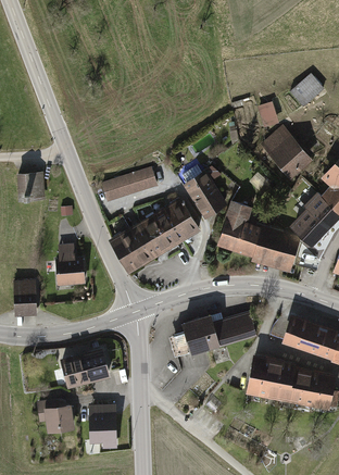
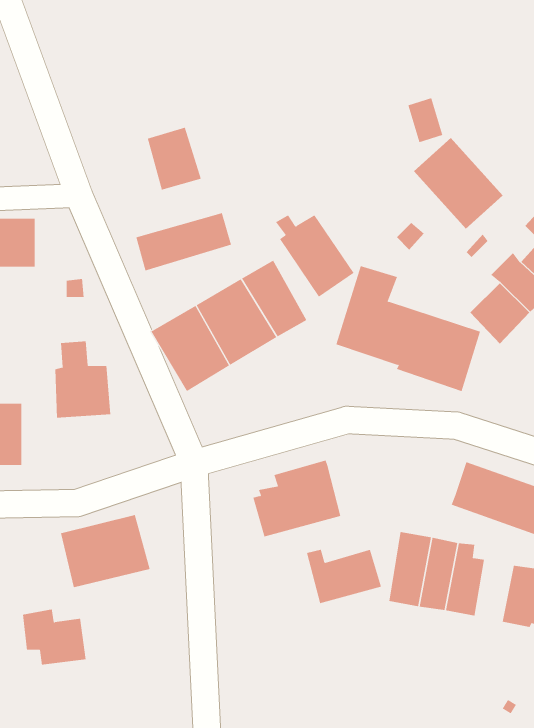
building: [290,75,324,108] -> none
building: none -> [147,127,202,190]
building: [212,313,255,345] -> [306,549,382,604]
building: [297,370,318,405] -> none
building: [90,415,116,440] -> none

